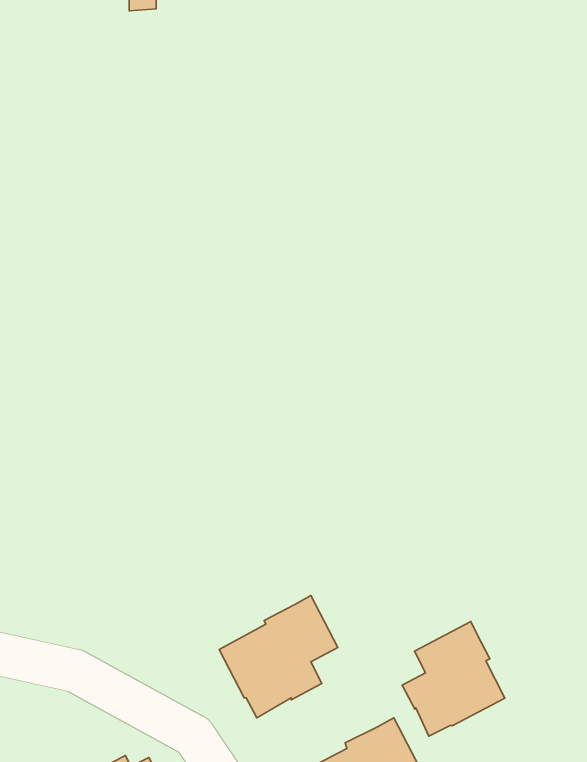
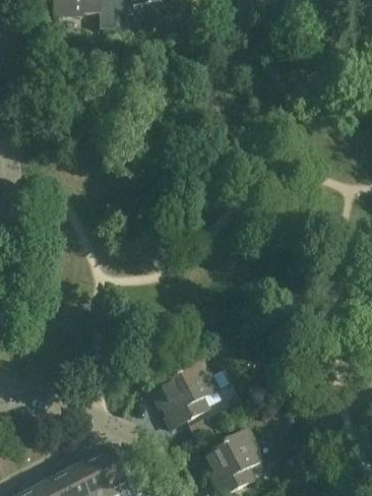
building: [402,621,505,736] -> none

